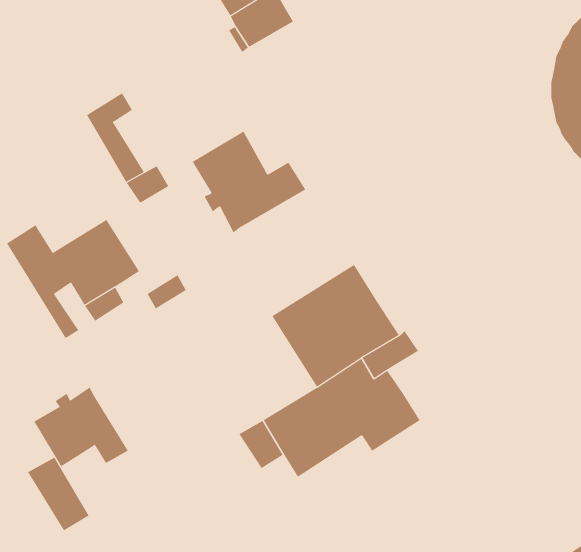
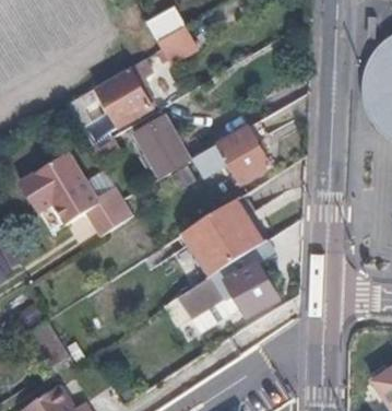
building: none -> [95,57,154,127]
building: none -> [164,119,272,184]
building: [34,387,129,467] -> none

